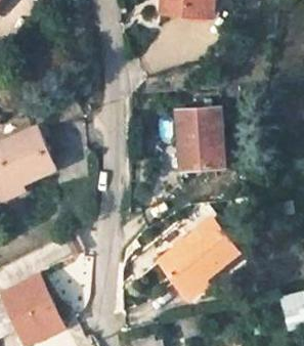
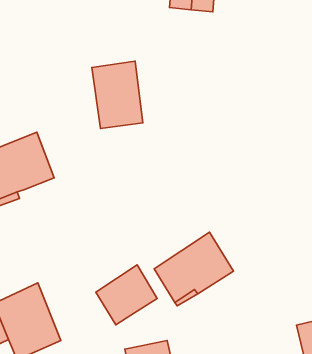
building: [166,102,214,166] -> [92,61,143,128]
building: none -> [96,265,157,325]

